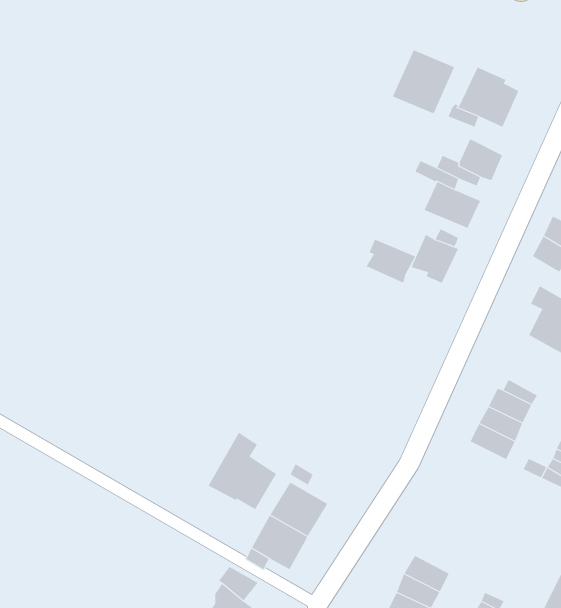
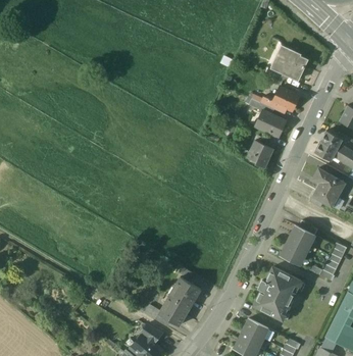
building: [392,50,455,114] -> none
building: [366,239,416,284] -> none
building: [208,432,277,510] -> none
building: none -> [253,267,301,319]

